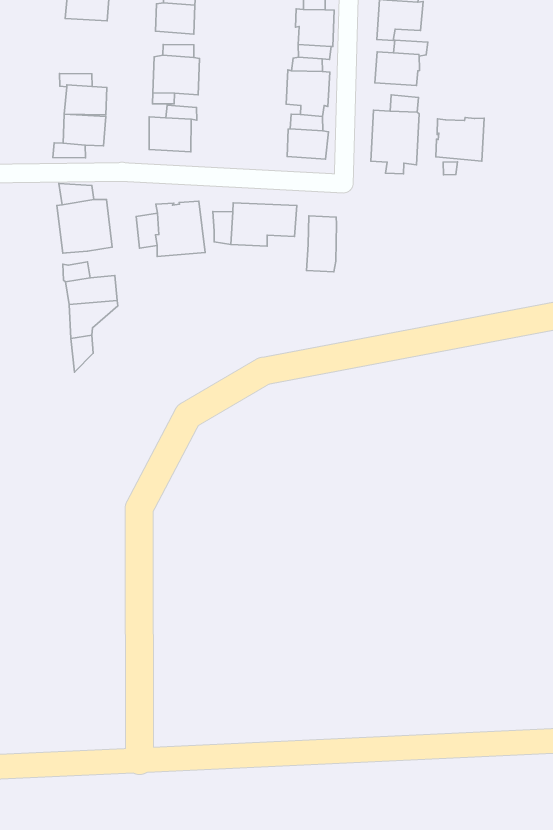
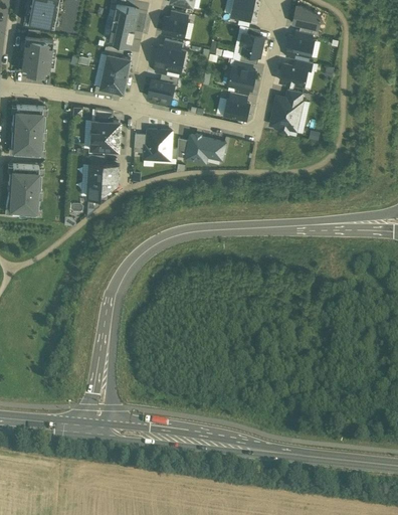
building: none -> [109,18,137,46]
building: [436,117,484,161] -> none
building: [306,216,336,272] -> none

